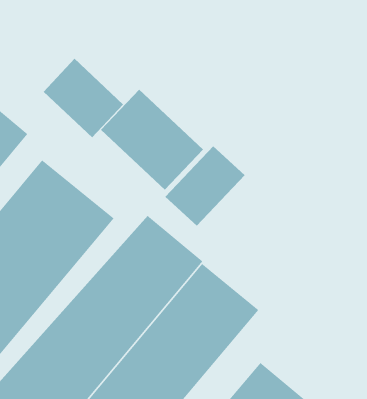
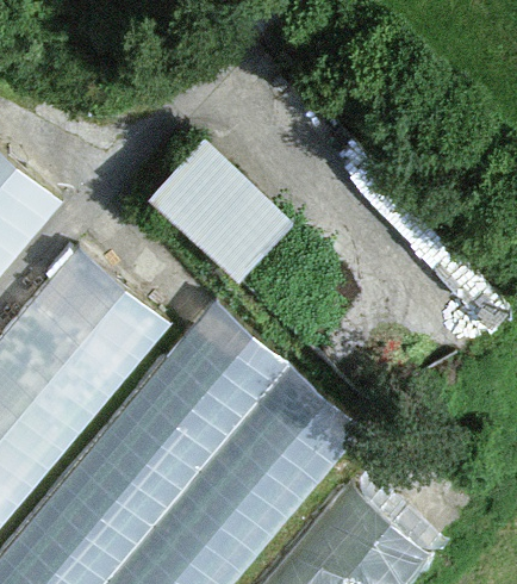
building: [43,58,124,138] -> none
building: [165,145,245,227] -> none

